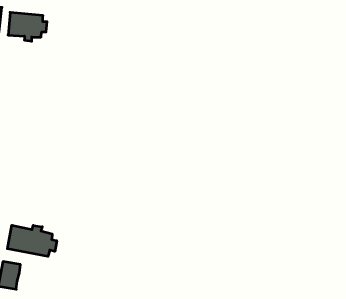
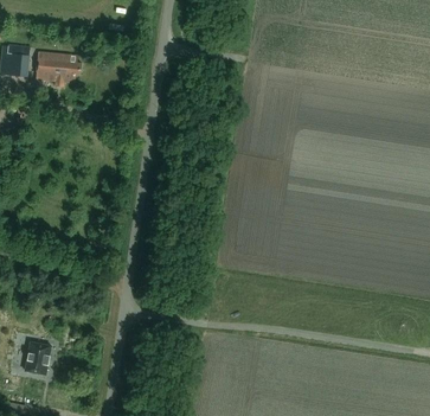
building: [7,225,57,256] -> none

